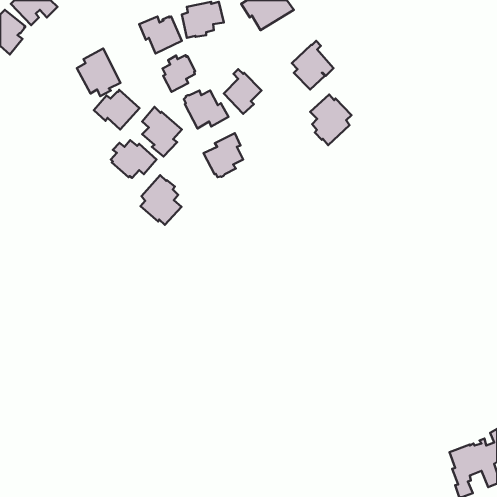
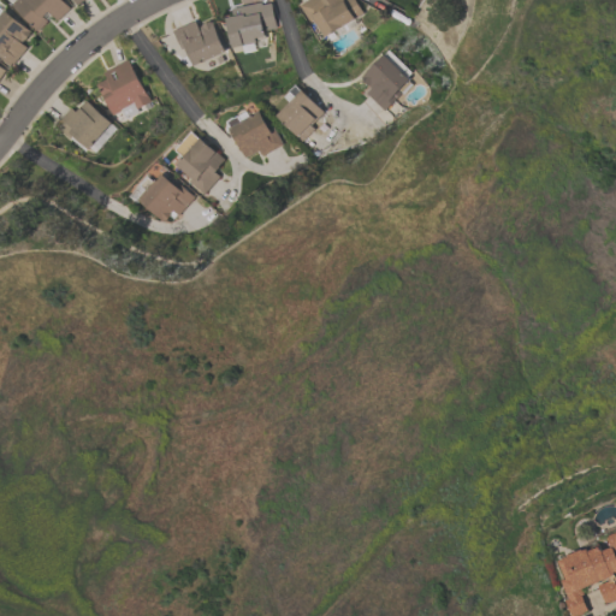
building: [162,55,195,92] -> none
building: [94,90,140,130] -> [54,100,111,149]
building: [310,95,351,145] -> none
building: [203,133,243,177] -> none
building: [141,175,182,225] -> none

